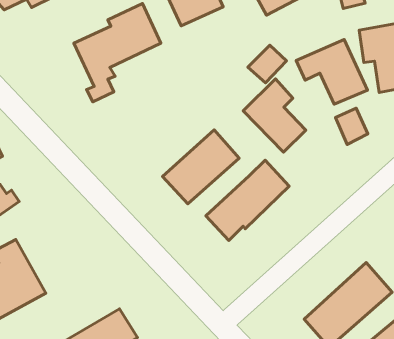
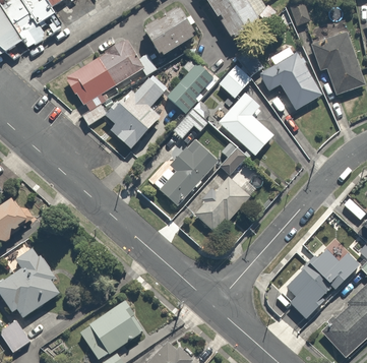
building: none -> [168,61,220,140]
building: none -> [106,76,165,148]
building: [335,108,368,145] -> none

